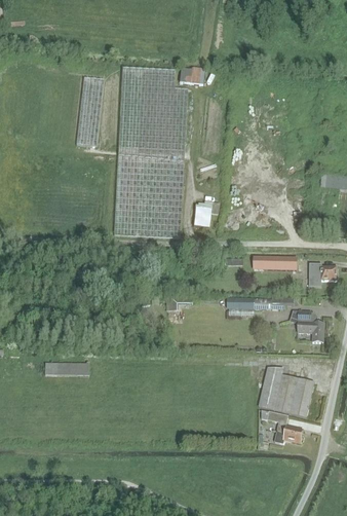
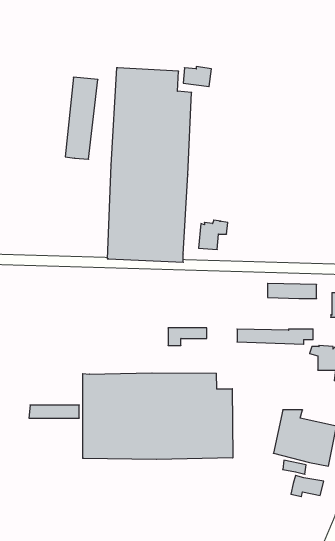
building: none -> [83,373,233,459]

